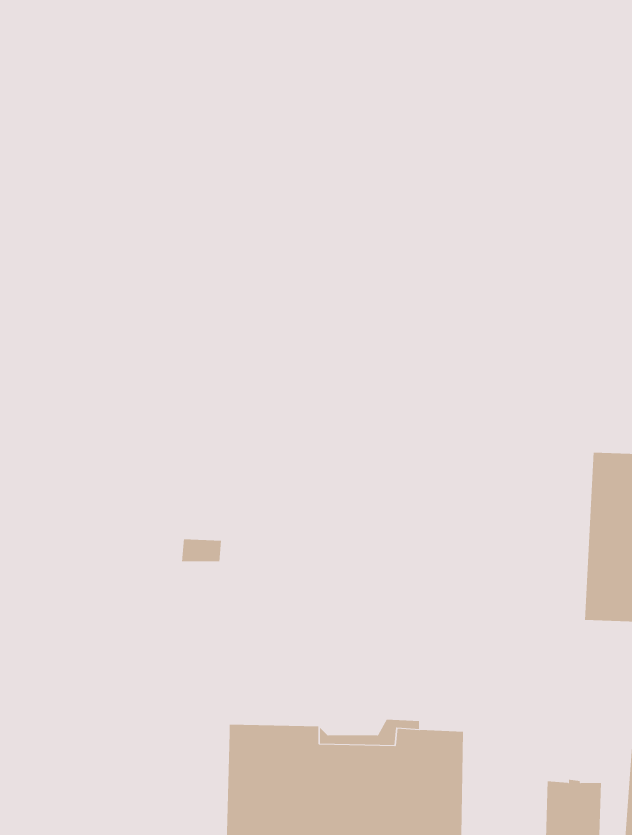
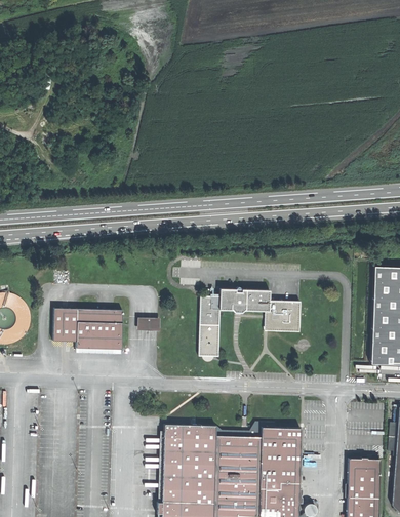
building: none -> [198,288,299,356]
building: none -> [52,308,122,349]

